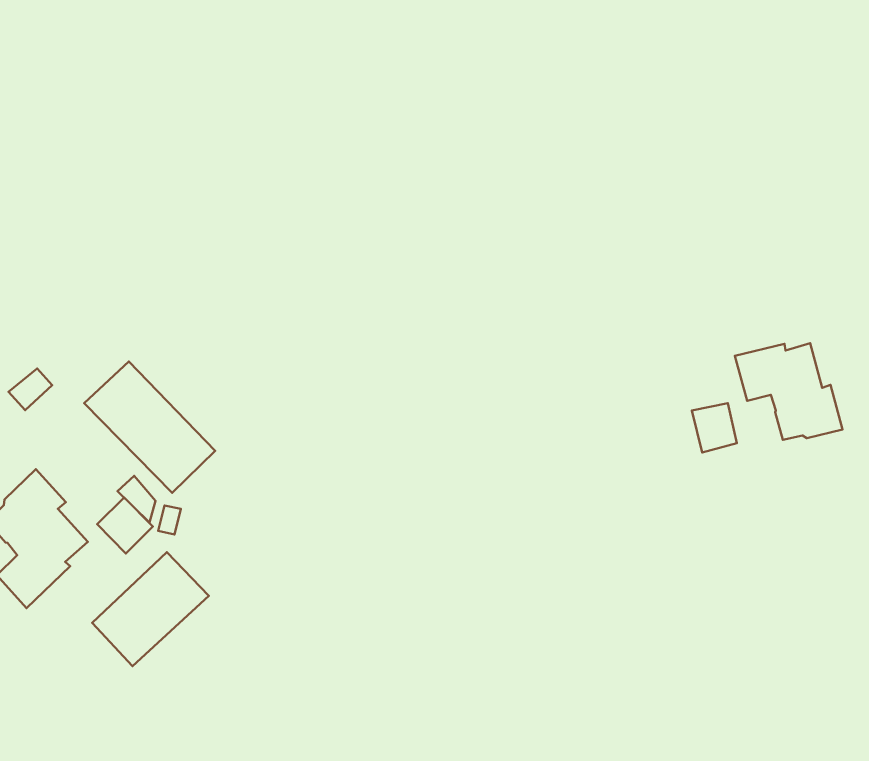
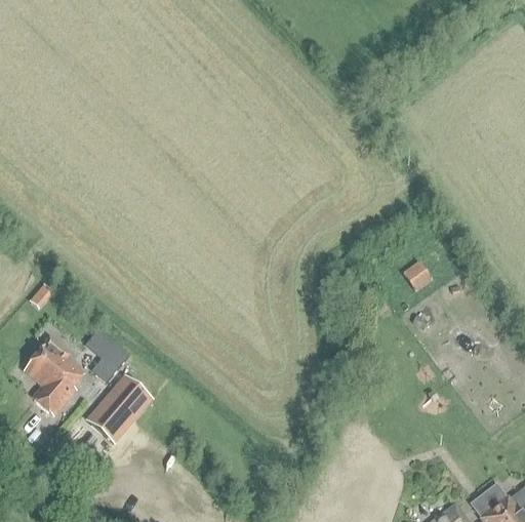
building: [735,343,843,440] -> none
building: [84,361,215,493] -> none

